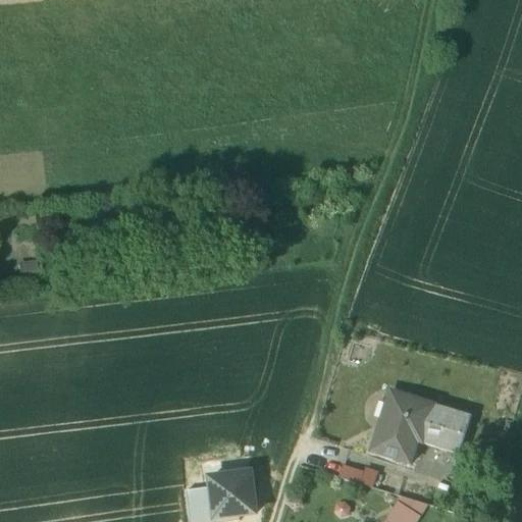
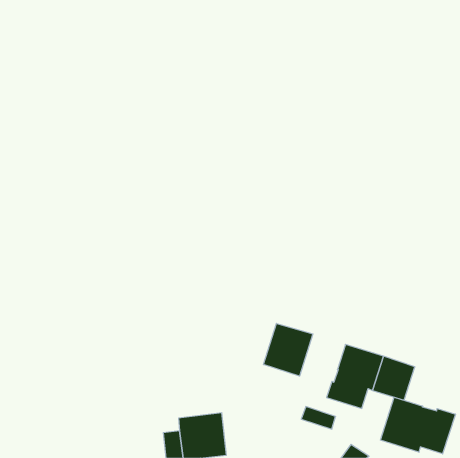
building: none -> [264,323,313,376]
building: none -> [381,397,455,454]

